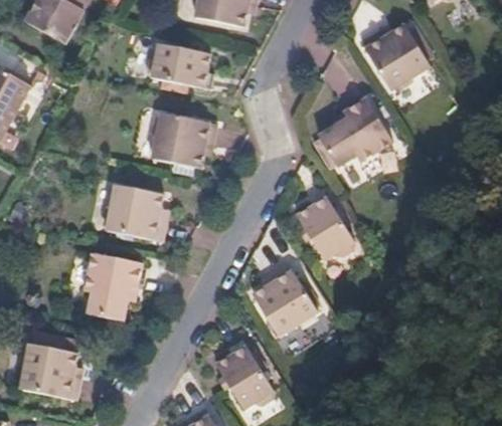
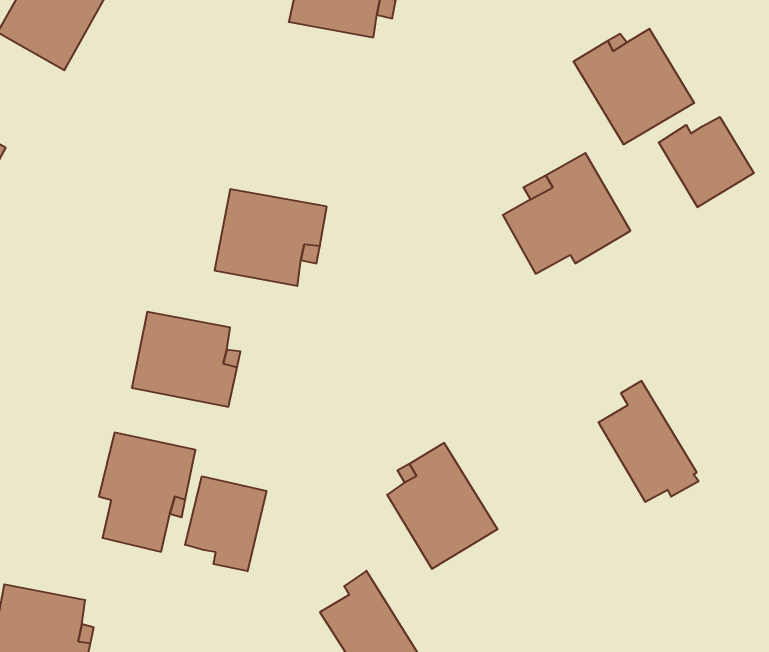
building: [147,43,215,89] -> none
building: none -> [659,117,754,207]
building: [297,186,355,256] -> [598,381,699,502]
building: none -> [185,476,266,571]

